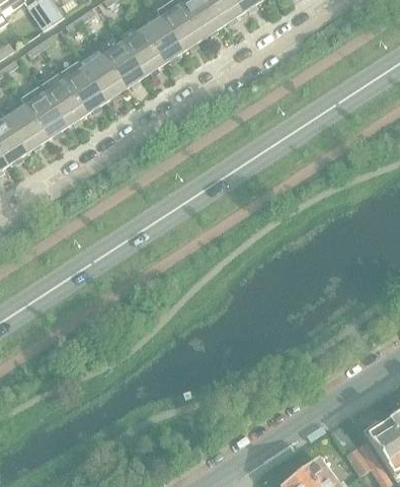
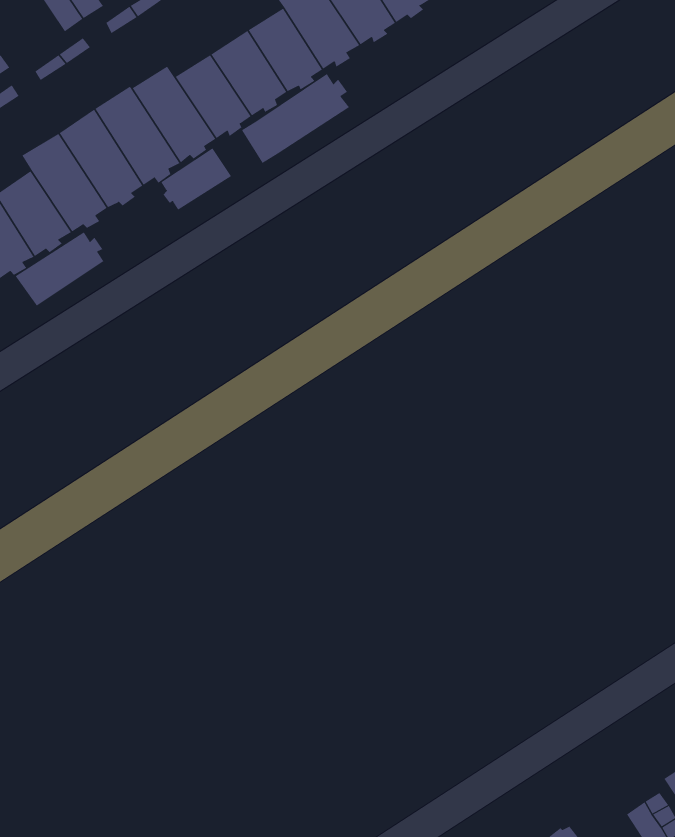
building: none -> [241,73,350,164]
building: none -> [161,147,232,211]
building: none -> [15,231,104,307]

